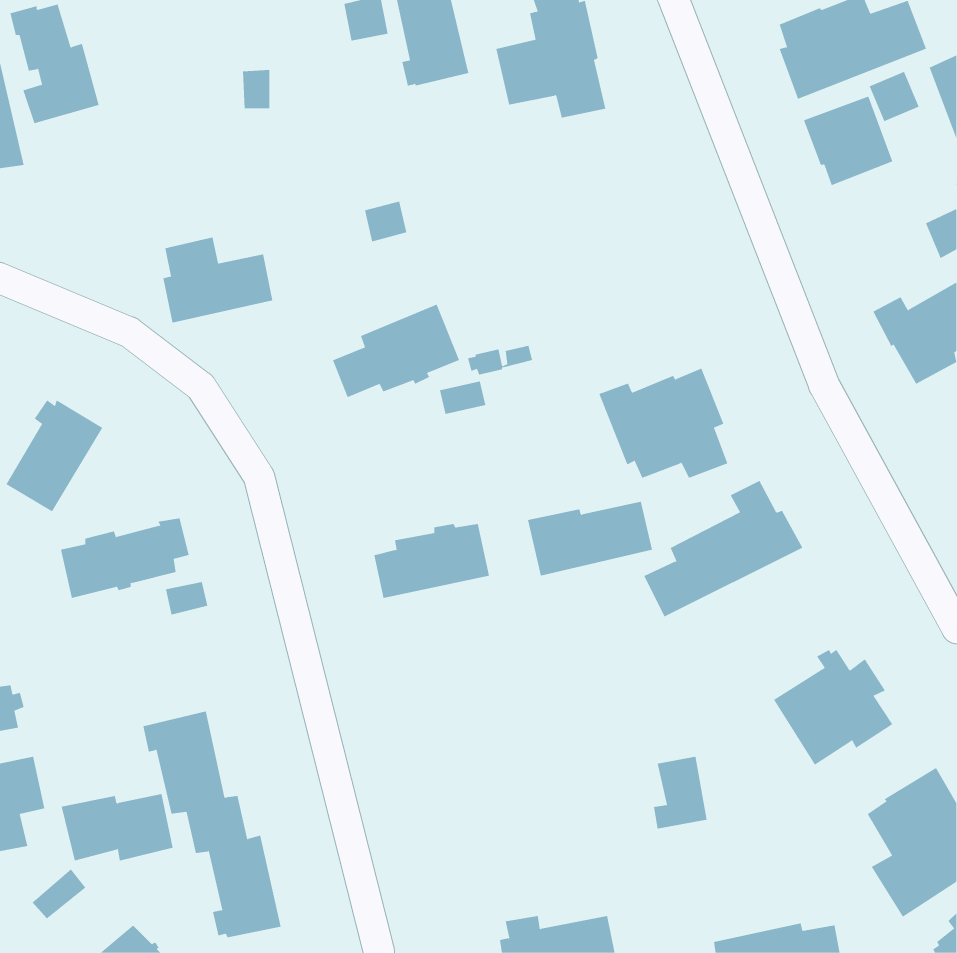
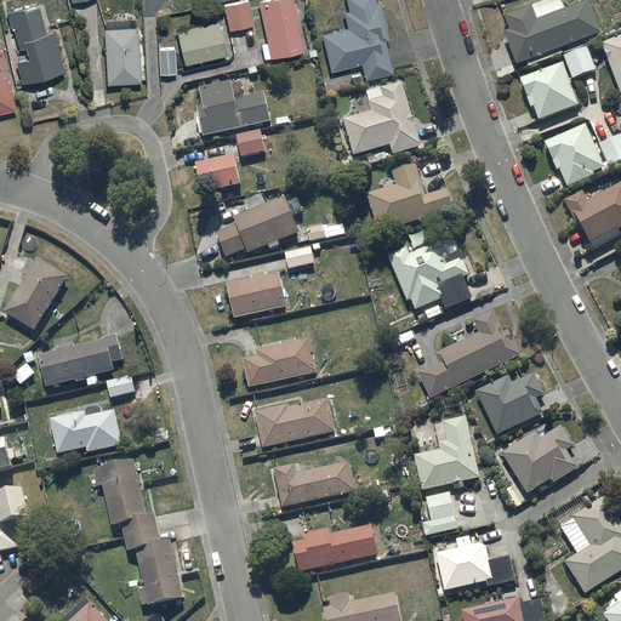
building: none -> [175,18,224,61]
building: none -> [102,24,138,81]
building: none -> [342,81,423,155]
building: none -> [543,124,604,187]
building: [163,237,273,323] -> [196,80,268,136]
building: none -> [195,155,239,193]
building: none -> [366,165,454,233]
building: none -> [226,272,286,318]
building: [527,501,653,576] -> [253,399,335,448]
building: none -> [475,372,543,435]
building: none -> [414,417,479,491]
building: none -> [272,461,355,509]
building: [61,794,174,861] -> [50,410,123,454]
building: none -> [292,525,377,572]
building: none -> [435,542,513,591]

